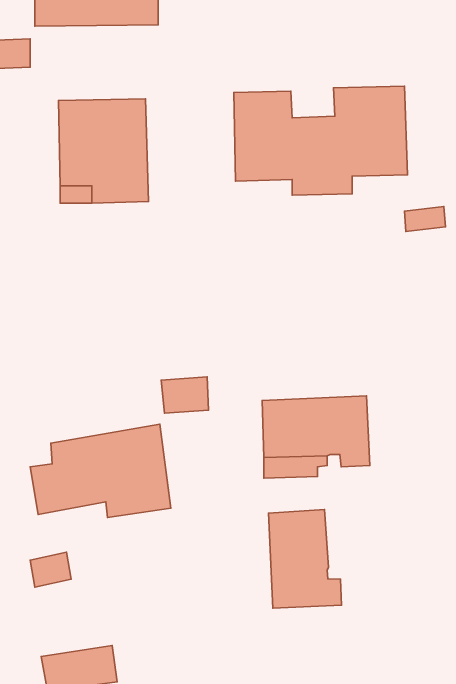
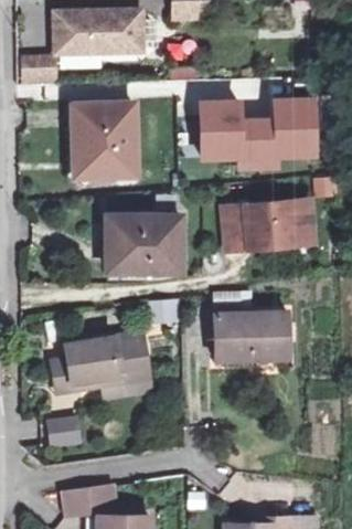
building: none -> [225,200,313,251]
building: none -> [108,214,181,269]
building: [269,510,341,608] -> none

